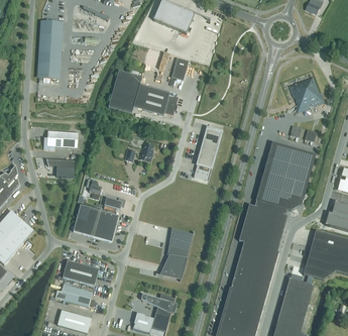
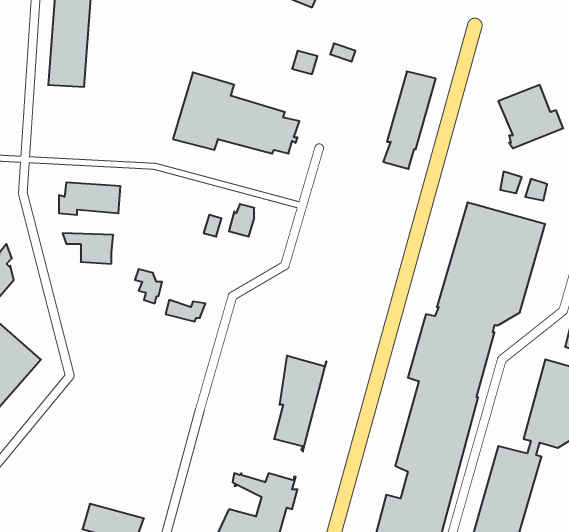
building: [194,125,223,180] -> [383,71,436,169]
building: [74,204,119,240] -> none
building: [63,259,99,285] -> none
building: [55,283,95,306] -> none

